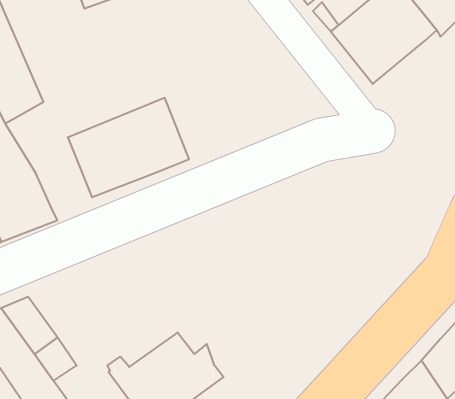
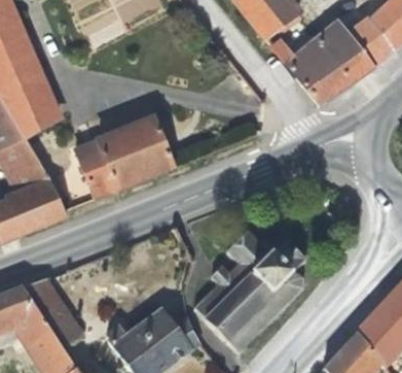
building: none -> [193,231,305,353]

